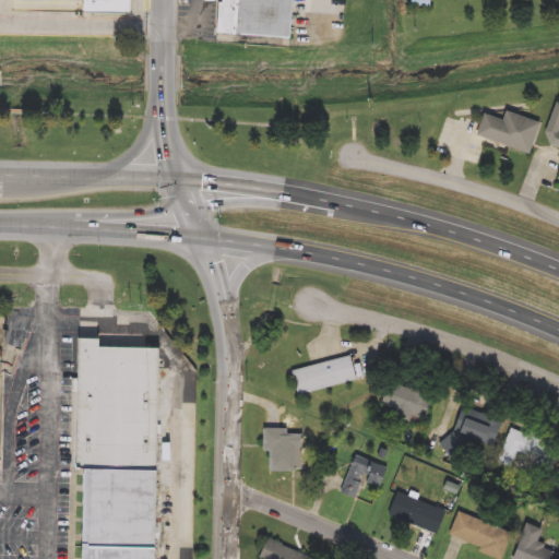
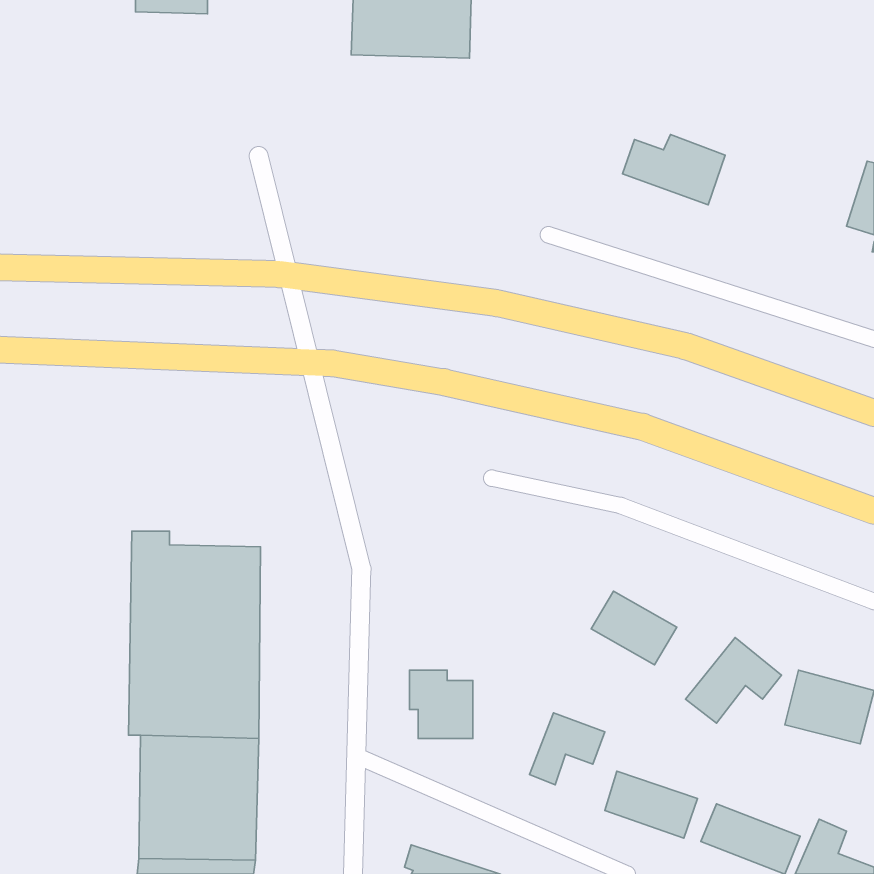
building: [473,110,538,155] -> [622,135,725,205]
building: [290,355,355,394] -> none

